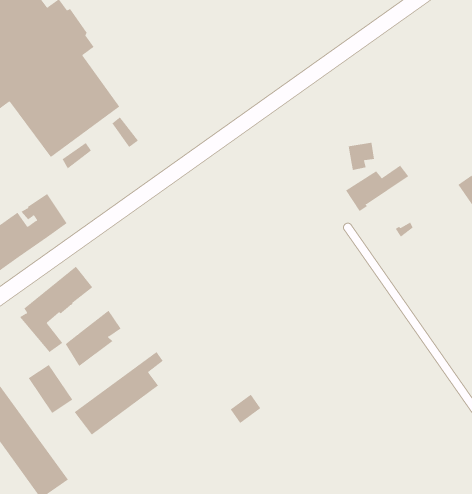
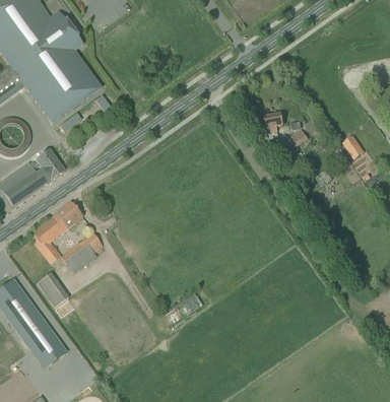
building: [74,351,164,435] -> none

